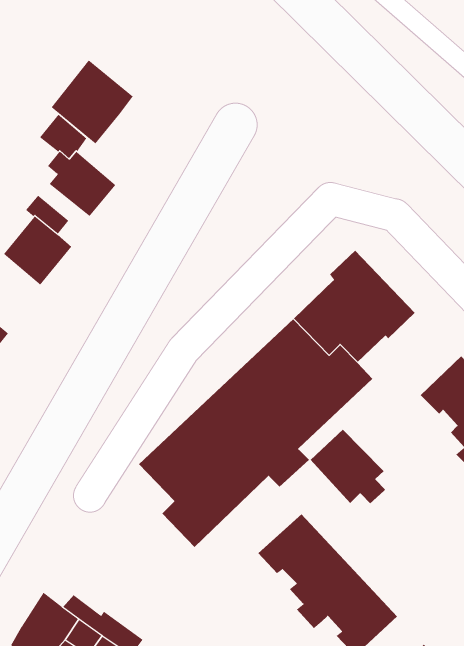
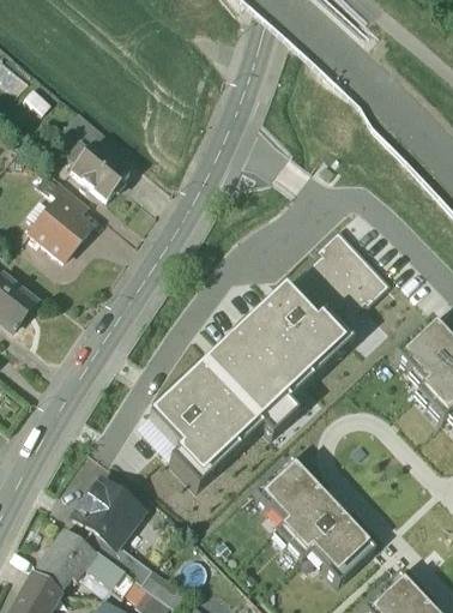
building: [51,60,134,144] -> none
building: [310,429,386,504] -> none
building: none -> [72,476,141,545]

